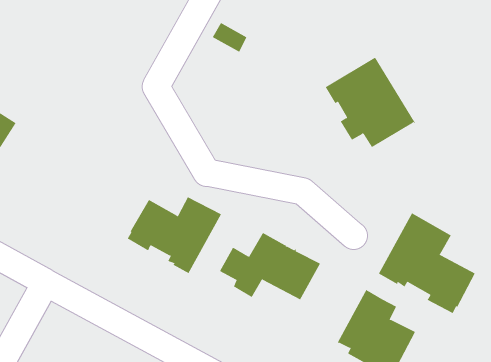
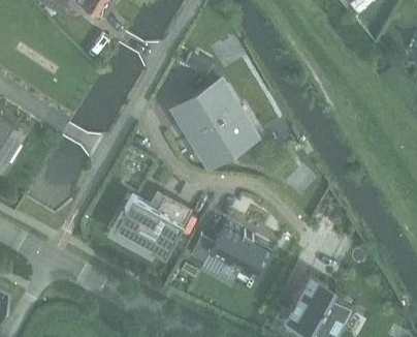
building: [325,57,416,148] -> [178,83,252,157]
building: [378,212,475,314] -> none

